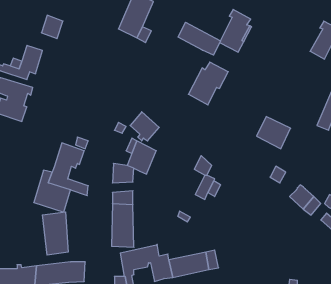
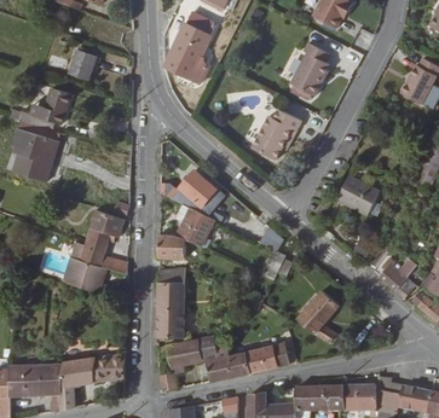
building: [178,22,220,55] -> none
building: none -> [296,290,339,341]
building: [42,212,68,255] -> none

